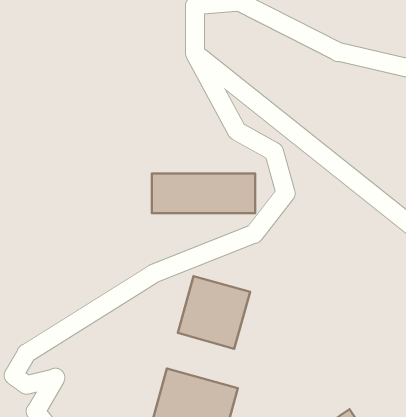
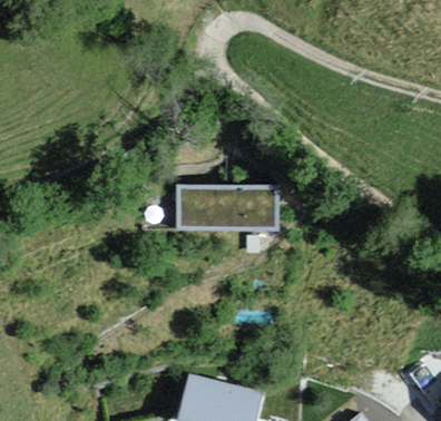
building: [178,276,250,349] -> none

